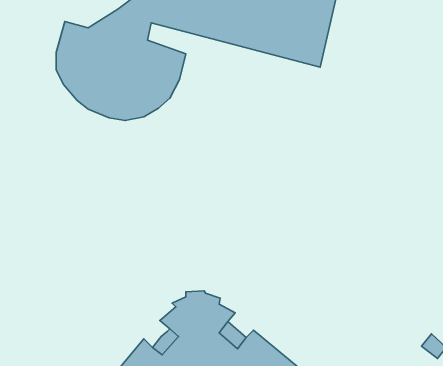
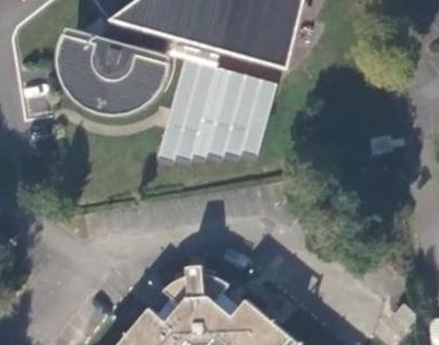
building: none -> [159,56,281,162]

